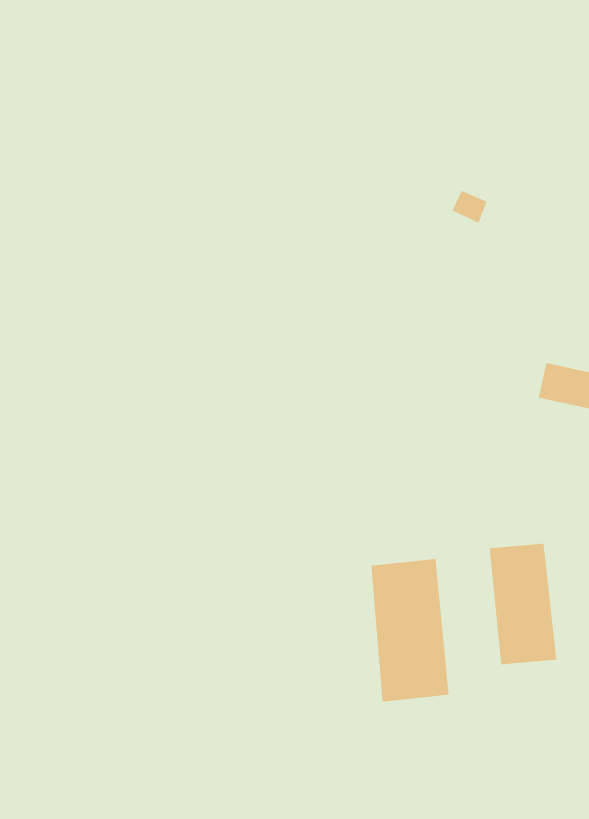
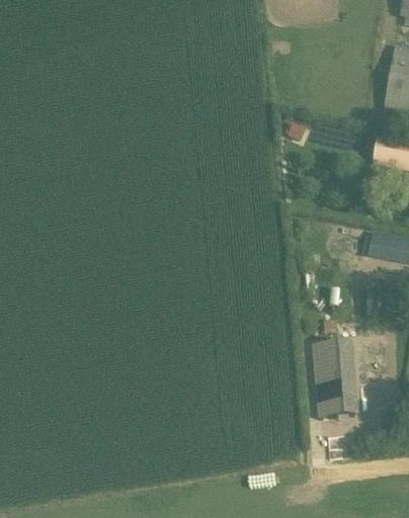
building: [371,558,449,703] -> none

